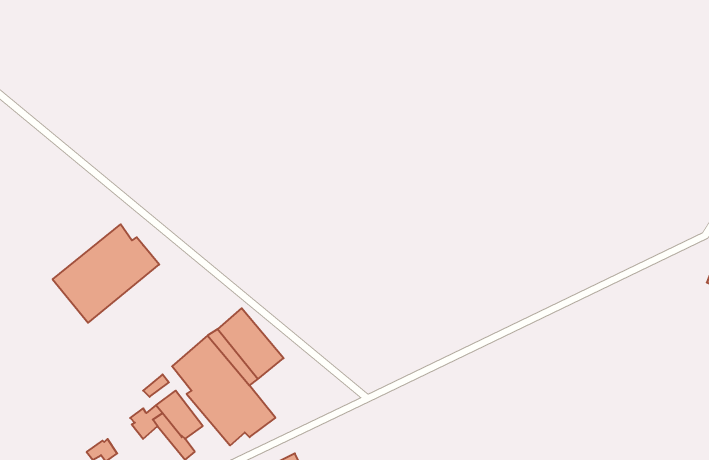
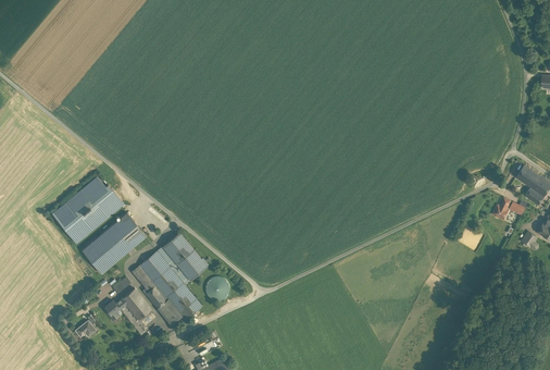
building: none -> [82,211,147,272]
building: none -> [205,275,230,300]

